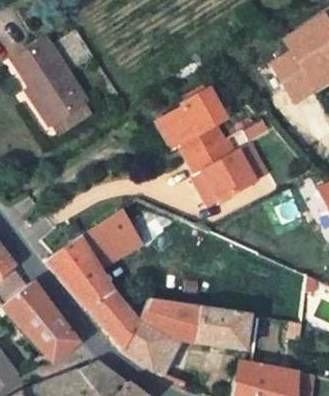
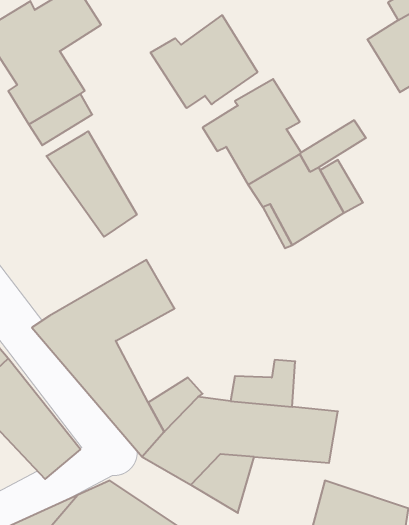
building: none -> [151,15,257,108]
building: none -> [46,131,137,237]

